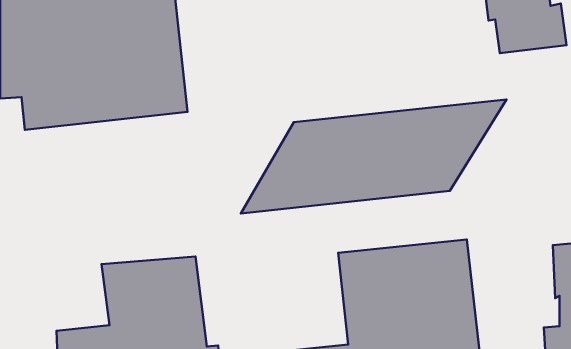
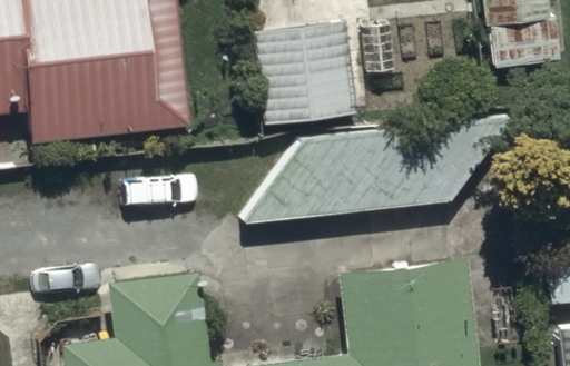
building: none -> [252,22,355,121]

